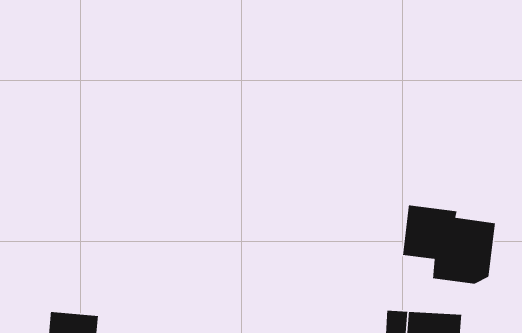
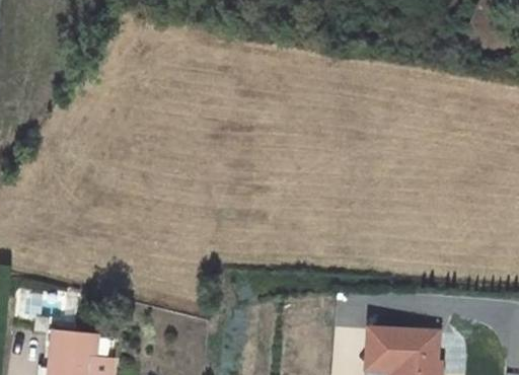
building: [402,205,496,285] -> none

